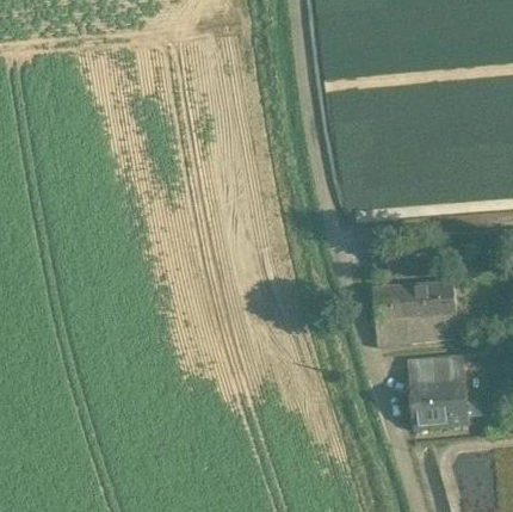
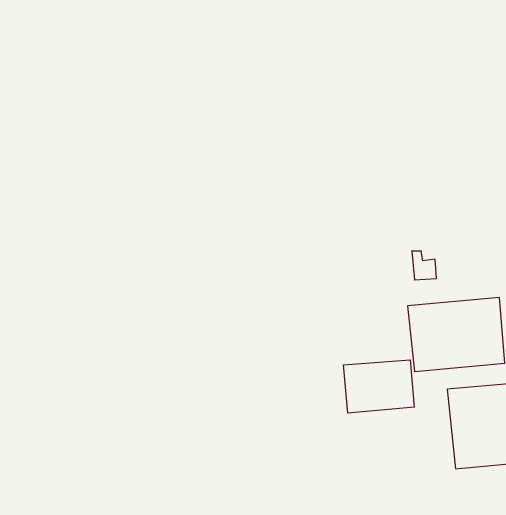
building: none -> [344,360,414,413]

